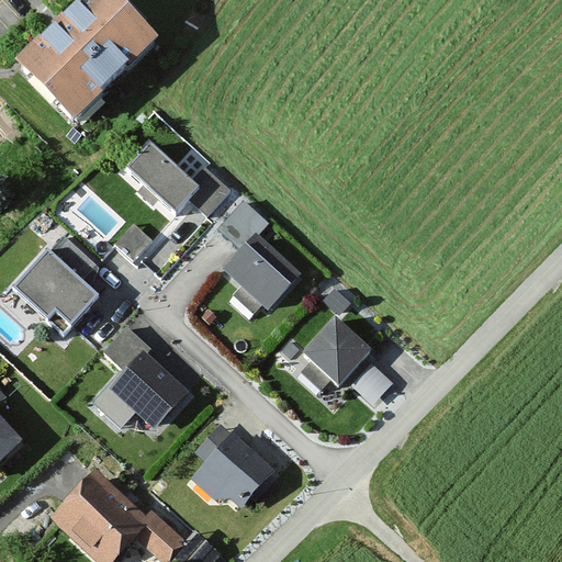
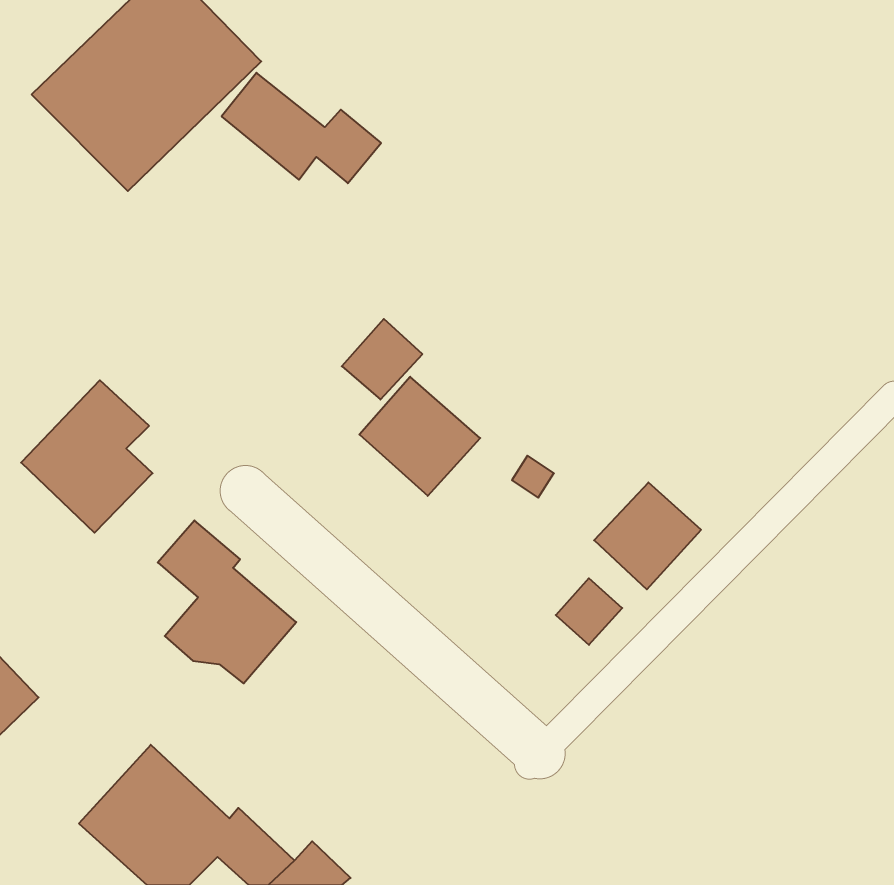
building: [126,145,226,214] -> [222,73,381,183]
building: [302,317,369,384] -> [594,482,701,589]
building: [183,425,276,503] -> none

